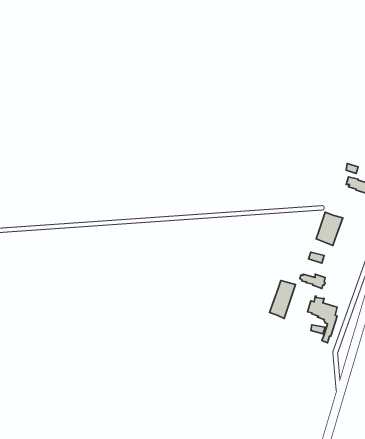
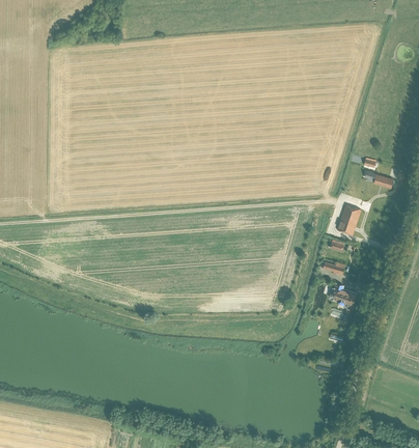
building: [270,280,296,319] -> none

